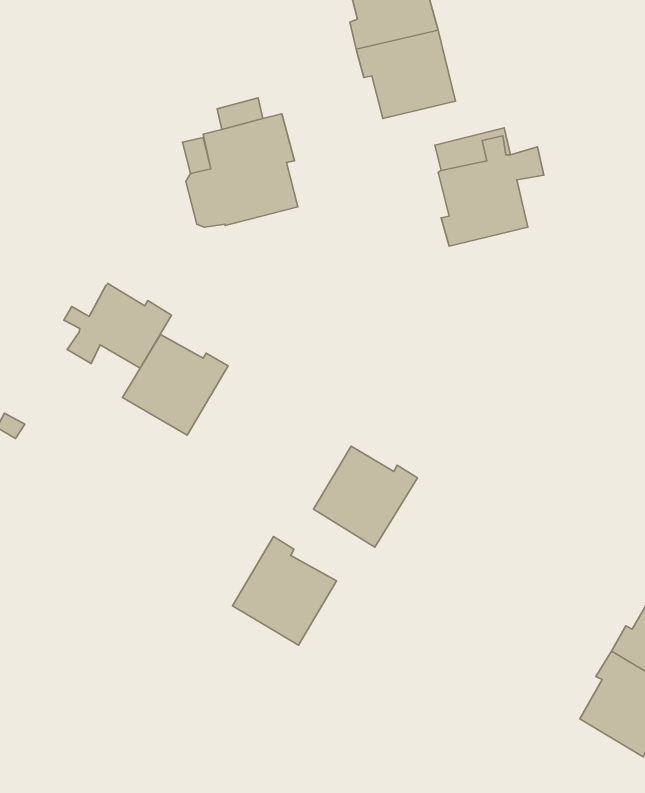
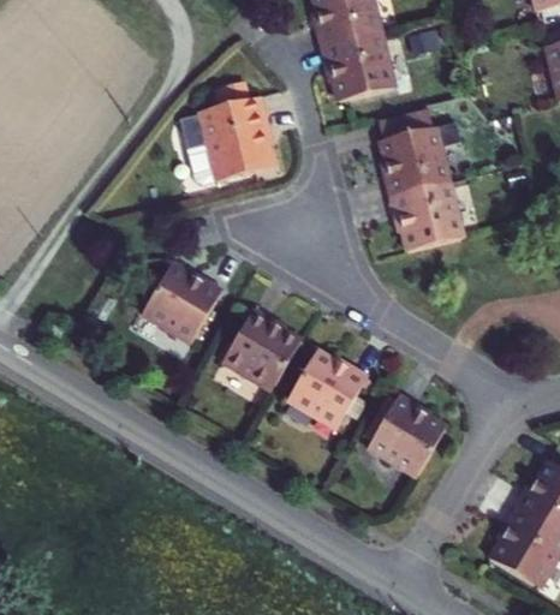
building: none -> [391,183,465,252]
building: [64,284,171,368] -> none
building: none -> [368,393,447,476]
building: [232,537,336,645] -> [222,306,302,389]

